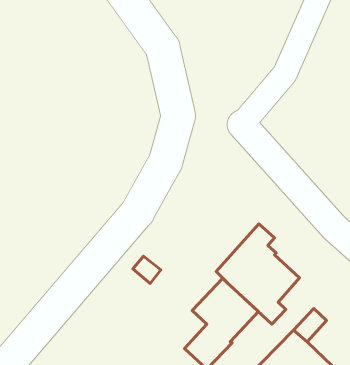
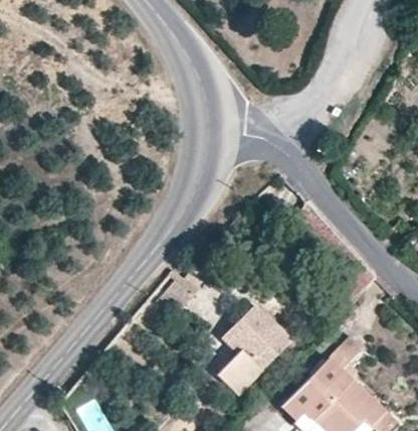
building: [216,224,300,324] -> none

